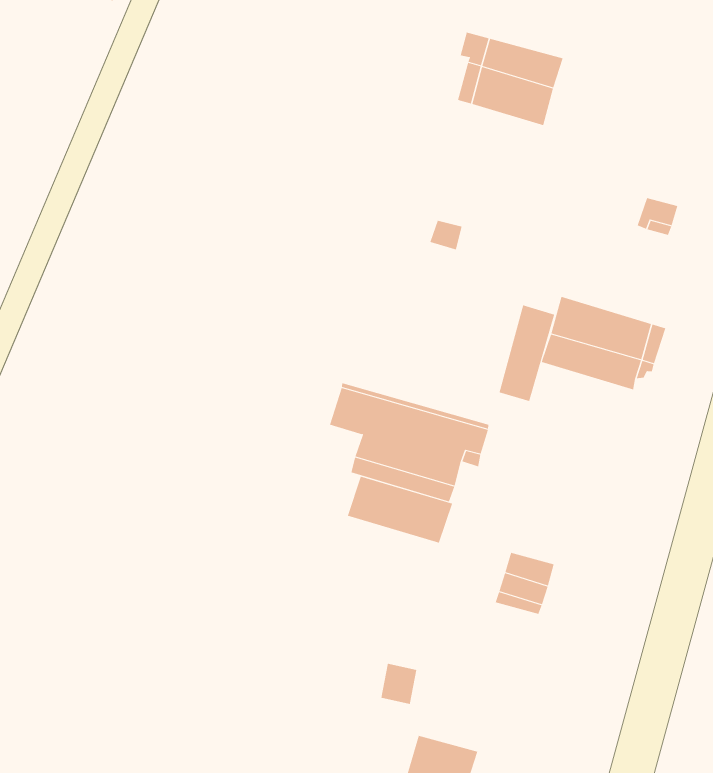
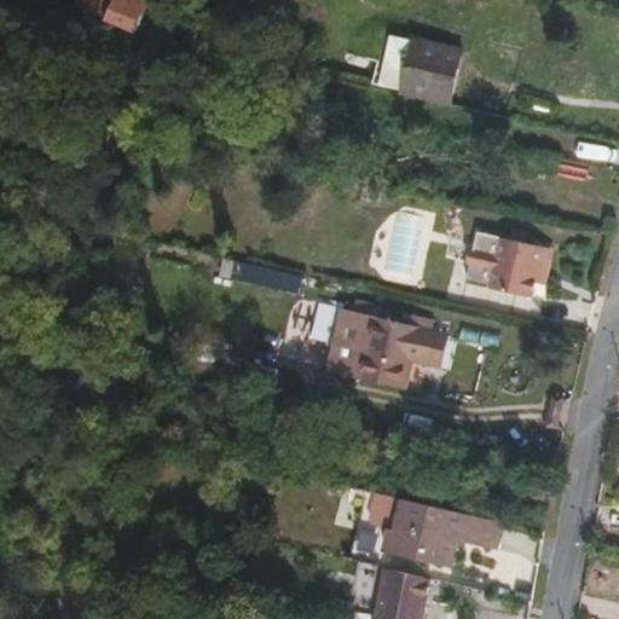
building: [499,305,555,402] -> none
building: [347,476,453,543] -> none
building: none -> [387,498,501,563]

